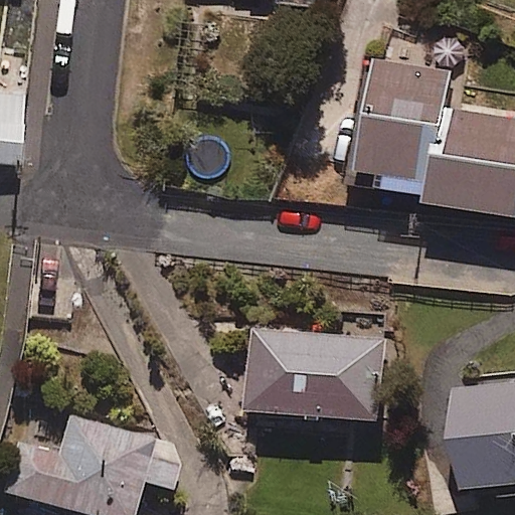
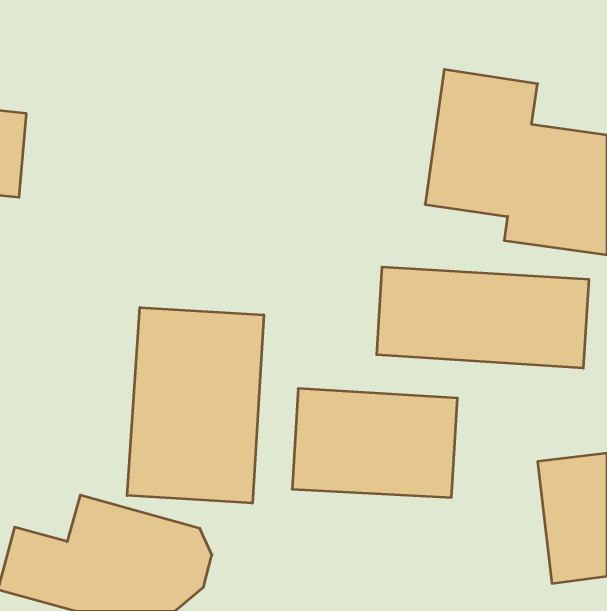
building: none -> [377,267,589,368]
building: none -> [127,307,264,503]

